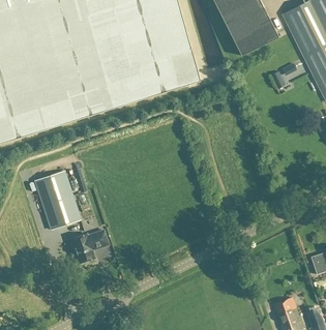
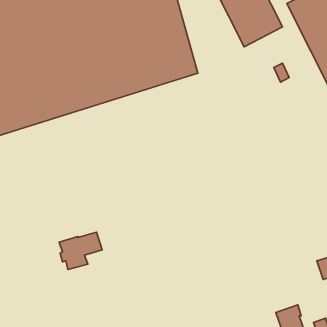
building: [34,171,80,229] -> none

